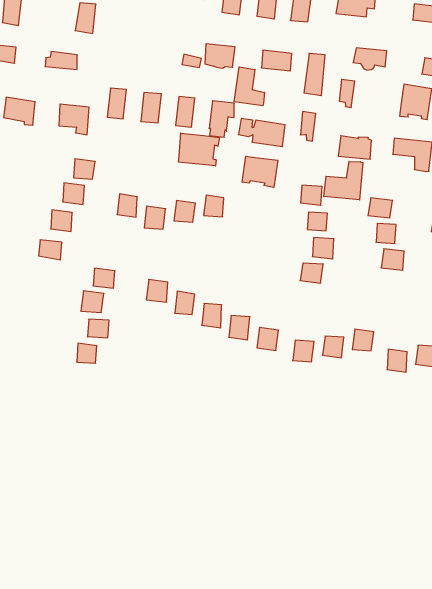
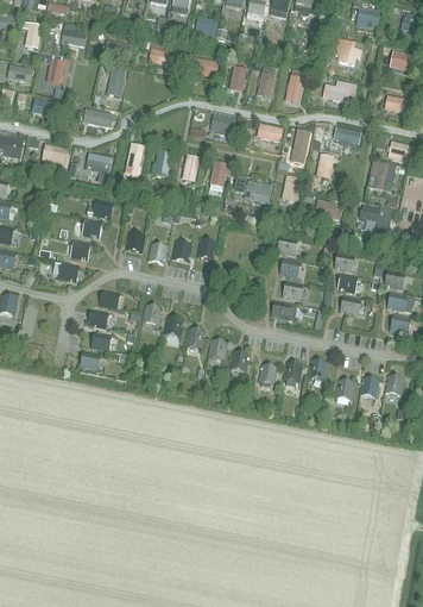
building: [234,67,265,106] -> none
building: [179,133,219,166] -> none
building: [242,156,278,187] -> none
building: [324,161,363,200] -> none

